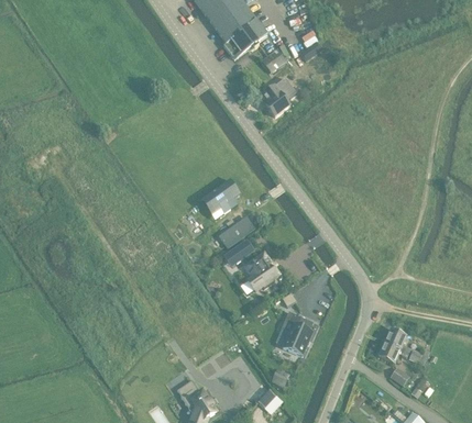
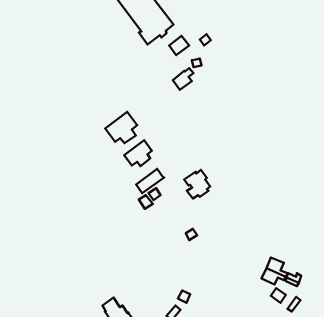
building: none -> [105,112,137,143]
building: [243,254,276,290] -> [184,170,210,199]
building: [281,311,312,355] -> none

